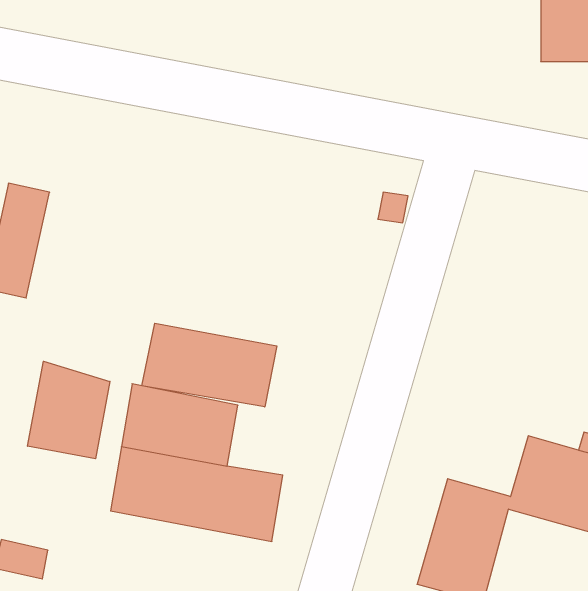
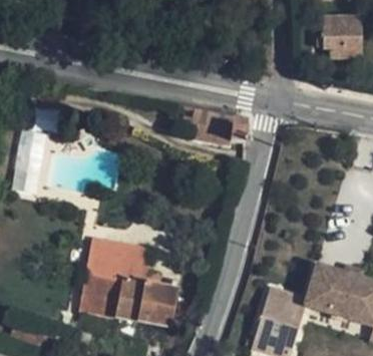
building: [142,323,277,407] -> none
building: [28,361,110,459] -> none

